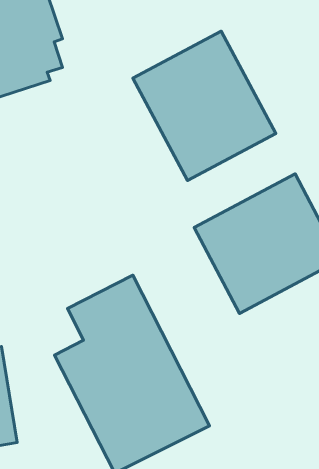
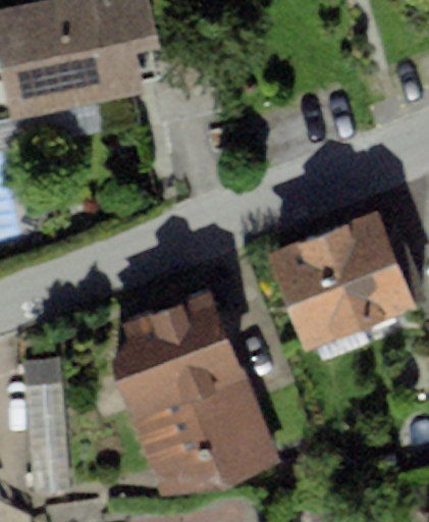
building: [133,31,276,180] -> none

